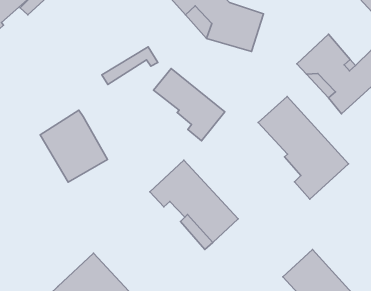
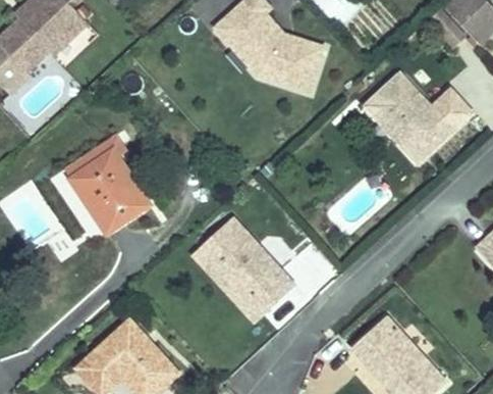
building: [102,47,158,84] -> [59,144,124,188]
building: [153,68,225,141] -> none
building: [258,96,349,199] -> none

